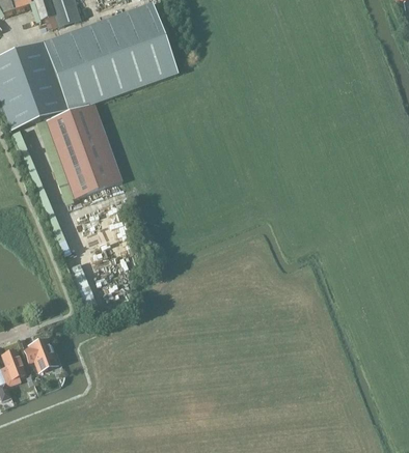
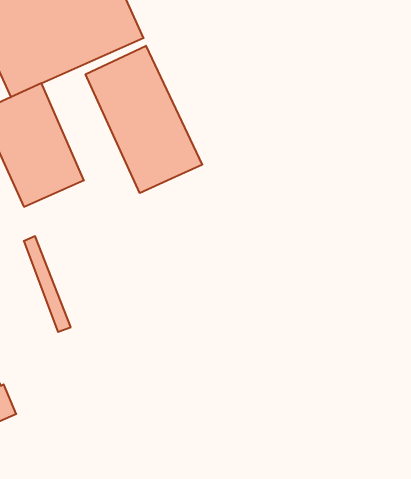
building: none -> [86,46,202,193]

